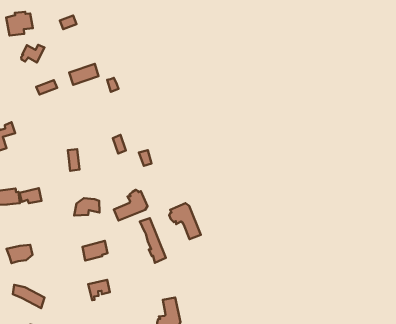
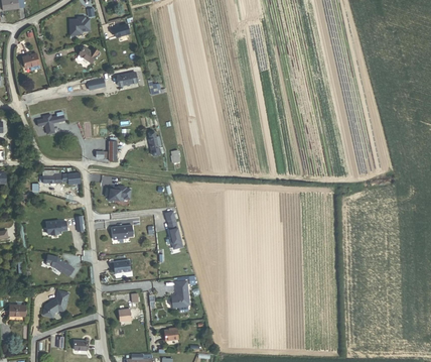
building: [114,190,147,221] -> none
building: [169,203,201,239] -> none

